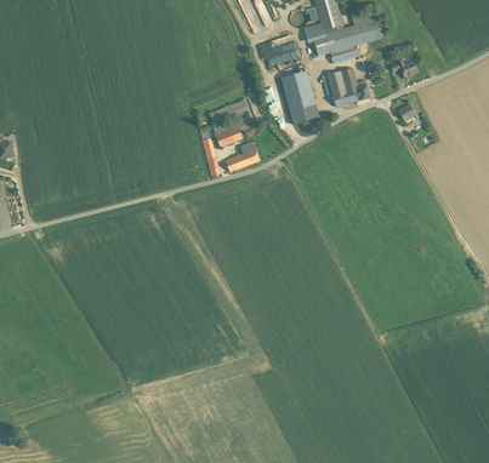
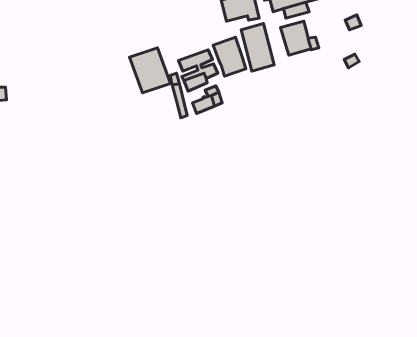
building: none -> [213,37,246,76]
building: none -> [130,48,170,93]

